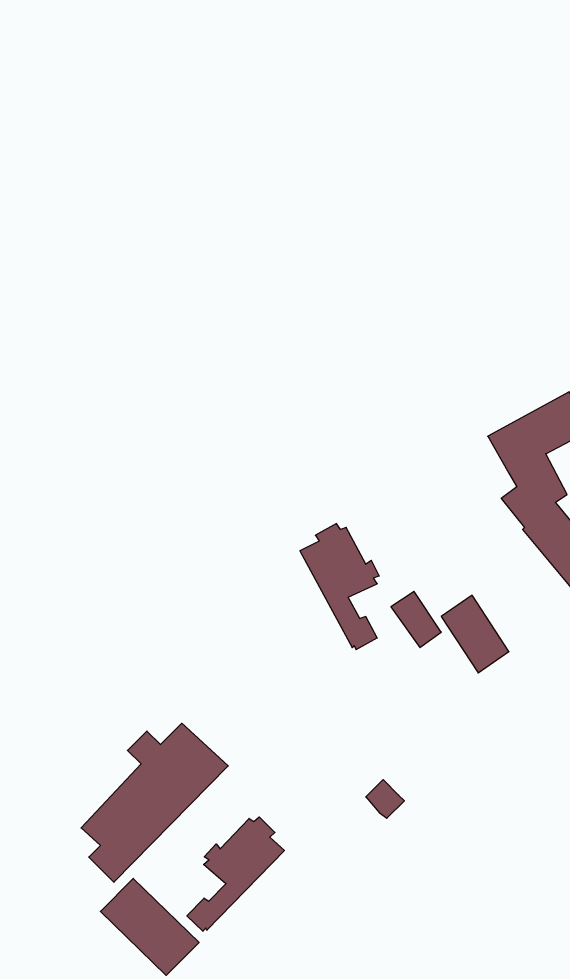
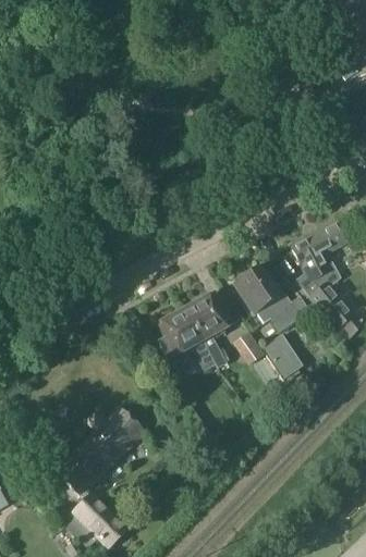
building: none -> [236,268,309,333]
building: none -> [158,310,213,370]
building: [187,817,284,931] -> none

